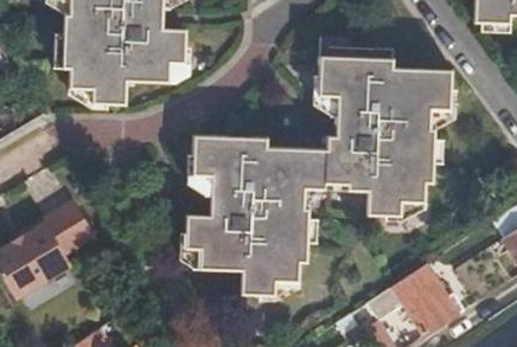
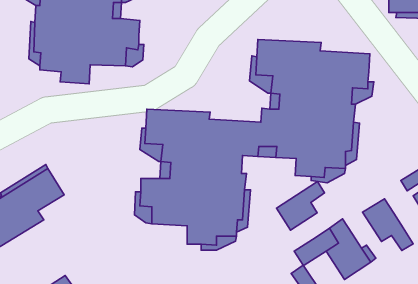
building: none -> [276,181,325,230]
building: none -> [363,199,413,251]

